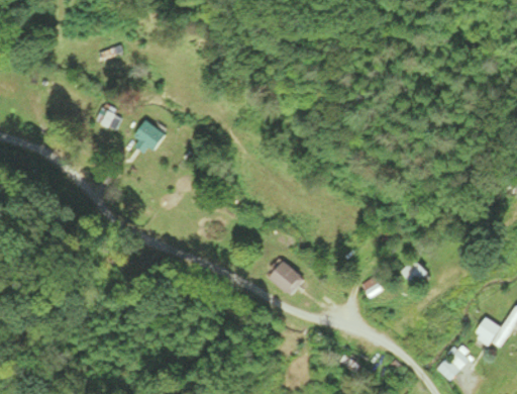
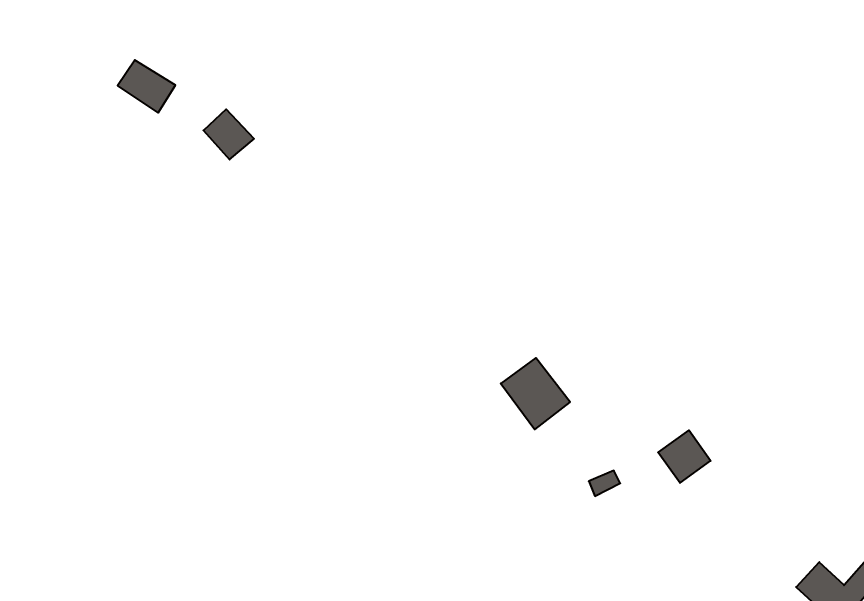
building: [270,260,306,296] -> [501,358,570,429]

